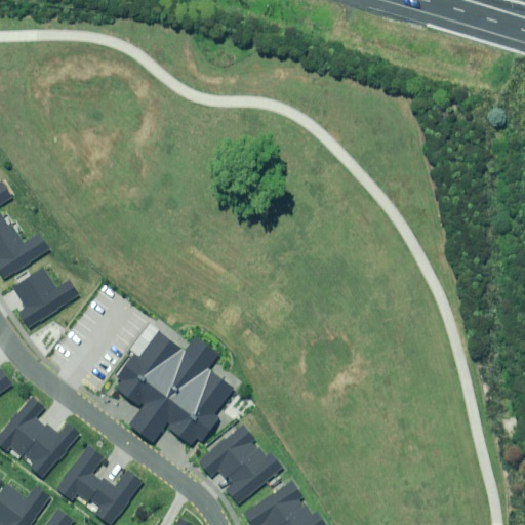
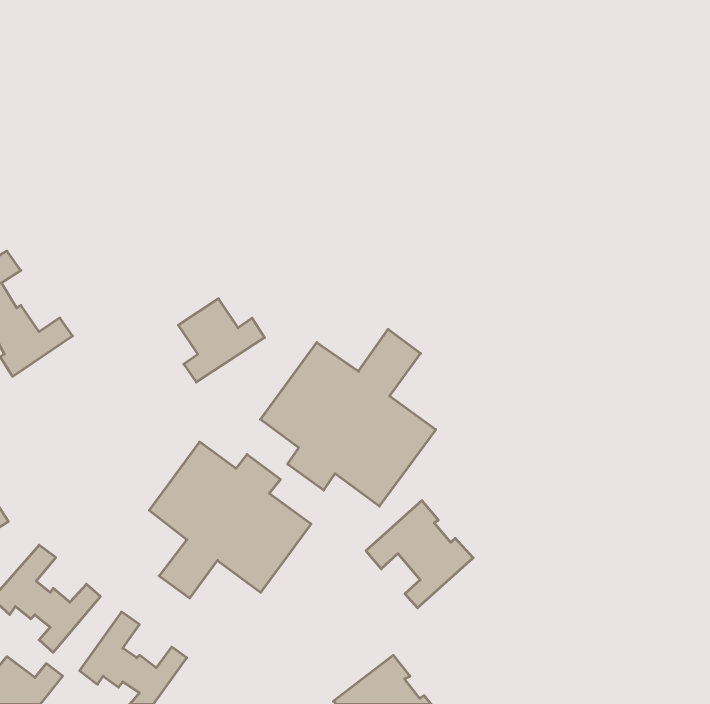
building: none -> [260,329,436,506]
building: [21,264,84,325] -> [178,299,265,382]
building: [198,426,277,504] -> [366,501,473,608]

